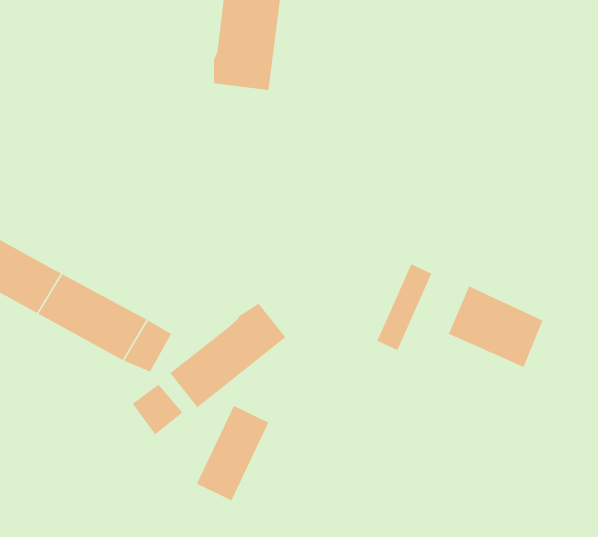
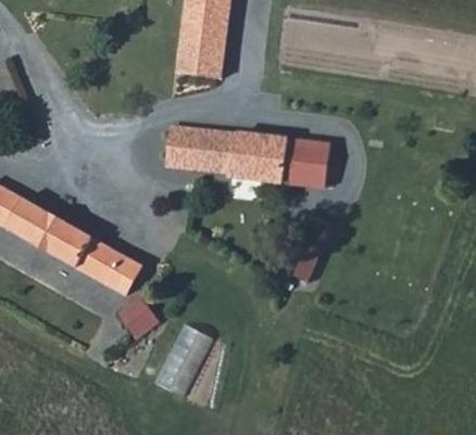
building: none -> [162,126,335,183]
building: [448,286,543,368] -> none
building: [169,303,286,408] -> none

